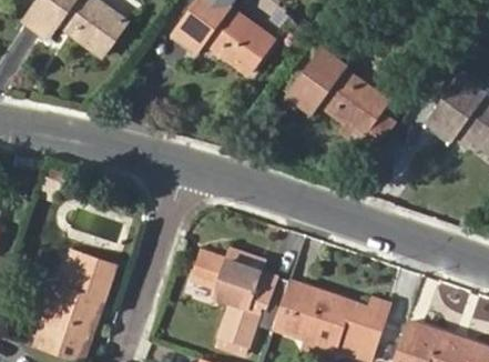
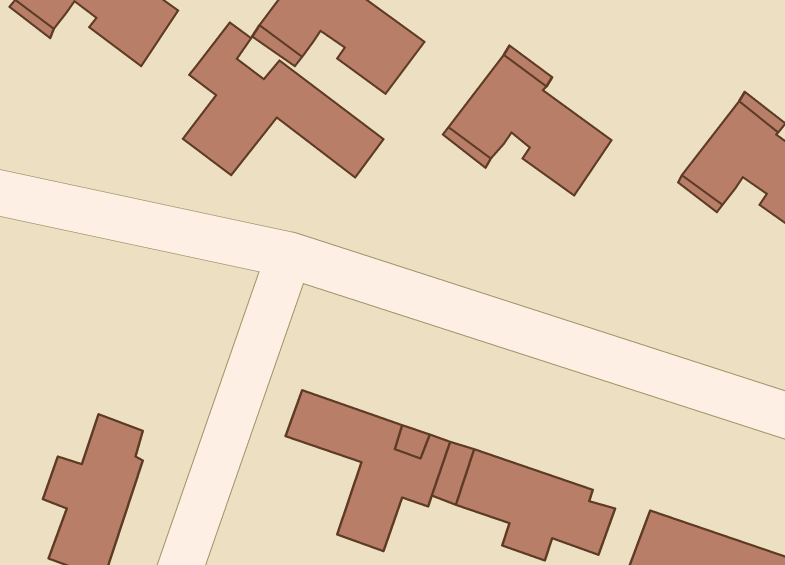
building: none -> [183,22,384,178]

